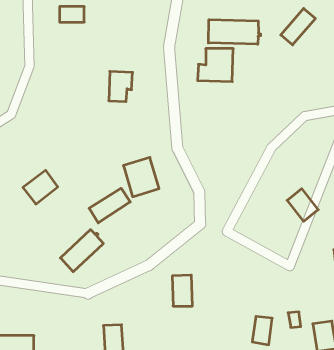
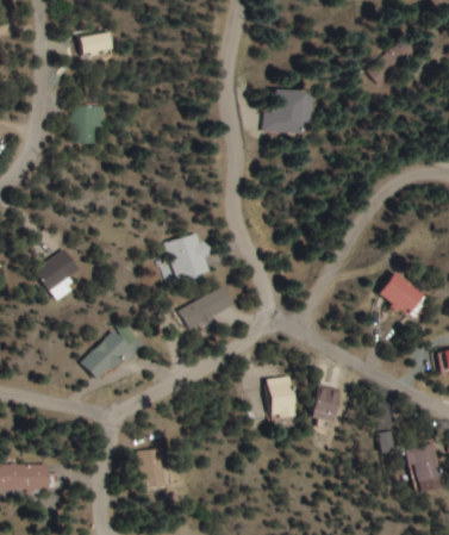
building: [208,20,261,44] -> none
building: [109,71,133,102] -> [73,106,104,145]
building: [89,188,130,223] -> [181,286,235,331]
building: [172,275,192,306] -> [268,378,294,418]
building: [252,316,272,345] -> [313,386,339,423]

